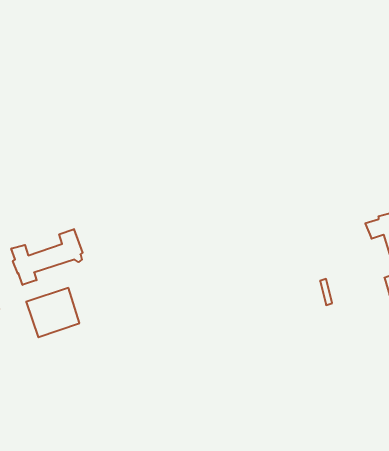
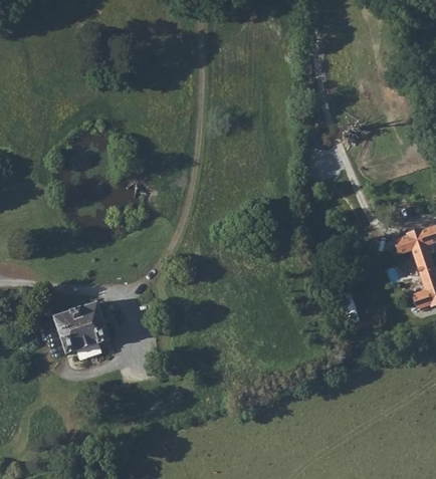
building: [11,229,83,285] -> none

